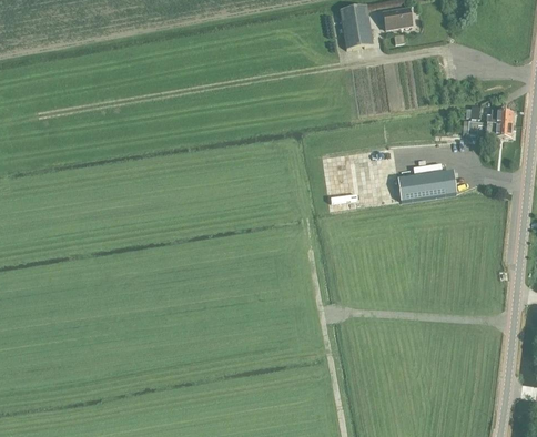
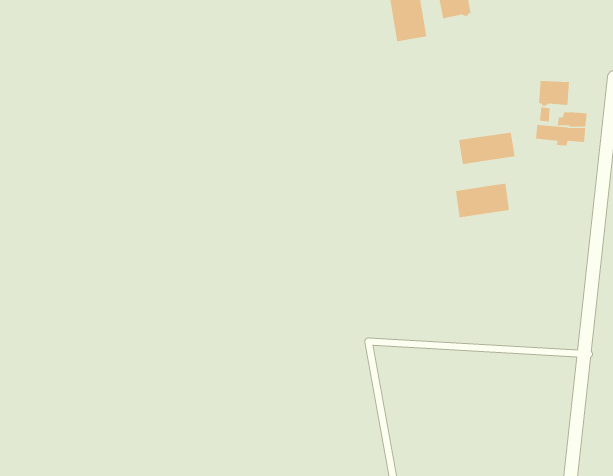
building: none -> [539,80,569,107]
building: none -> [459,132,515,165]

